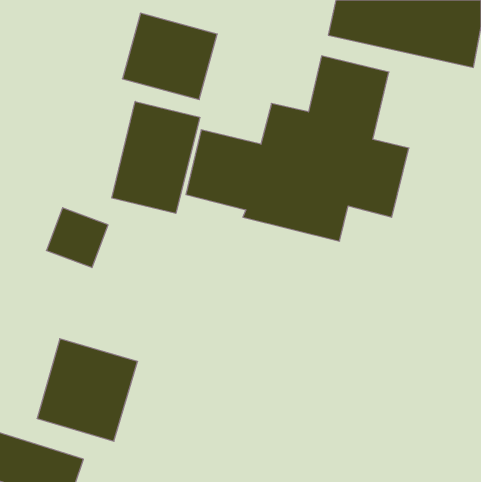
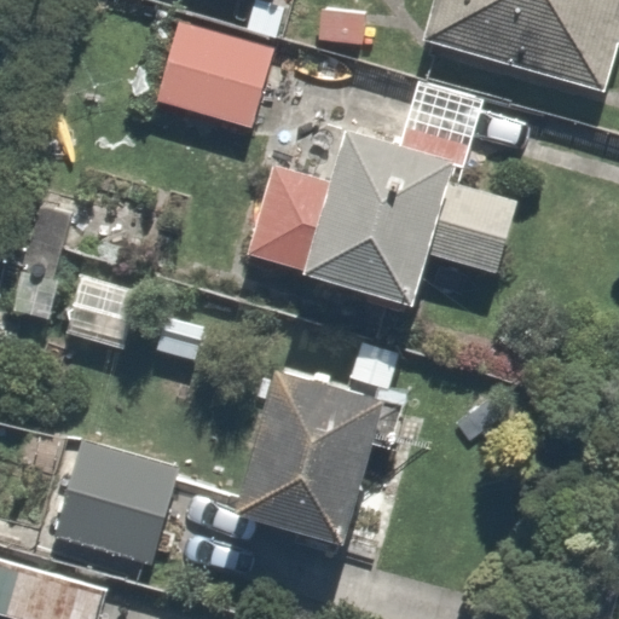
building: [112,101,200,213] -> none
building: none -> [242,335,407,548]

